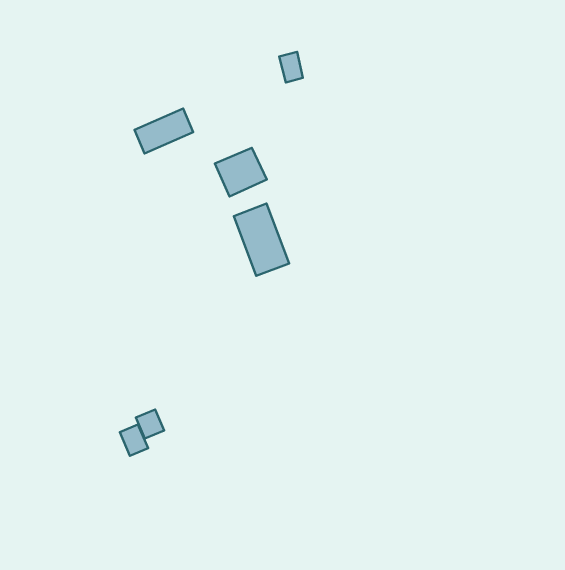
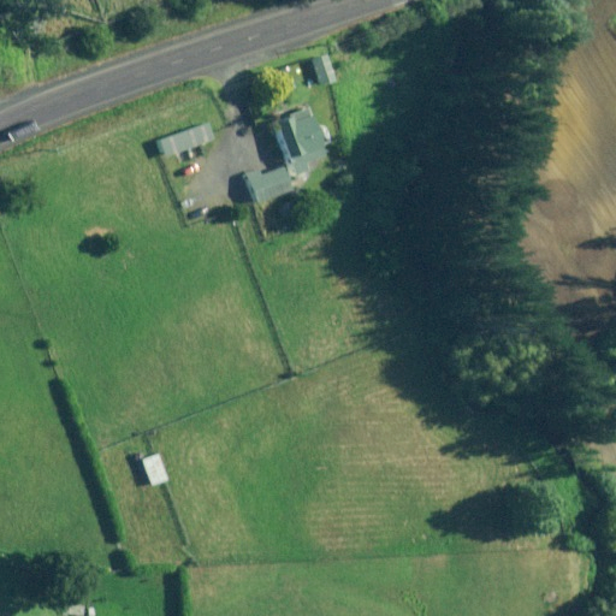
building: [234,204,289,276] -> [271,105,330,182]
building: [136,409,164,439] -> none

